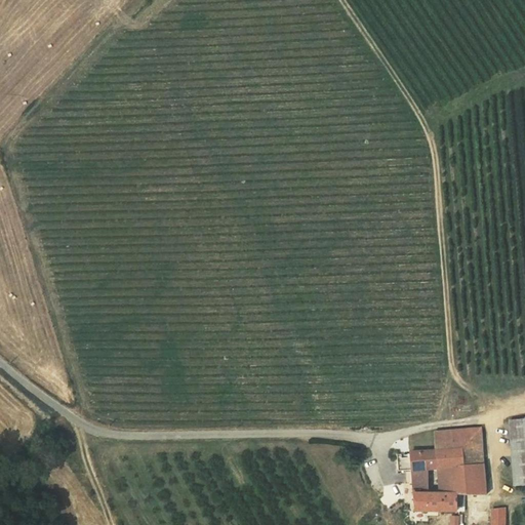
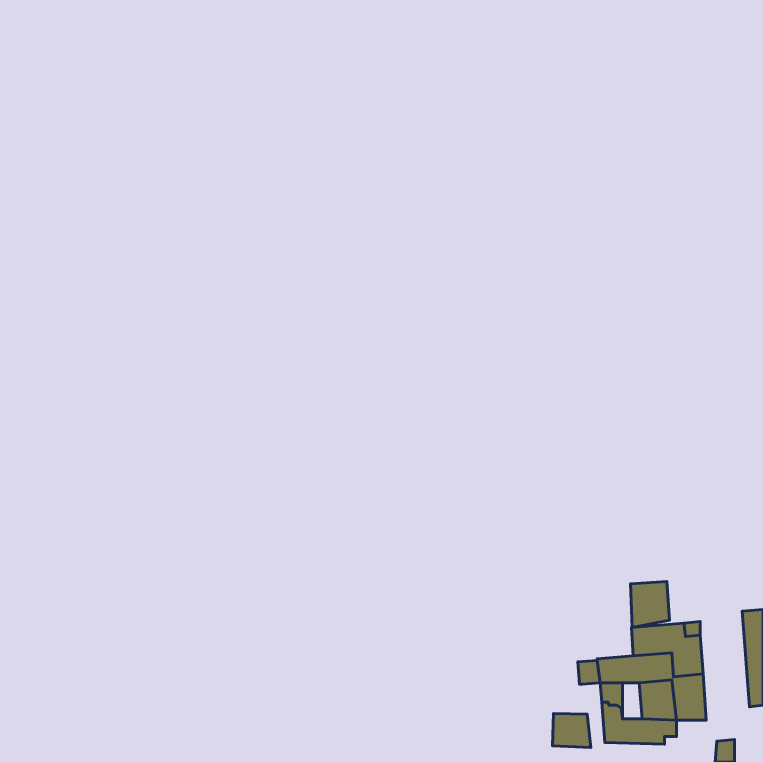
building: none -> [630,582,670,627]
building: none -> [553,714,591,748]

